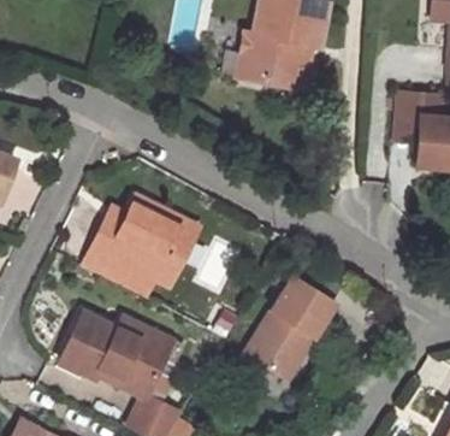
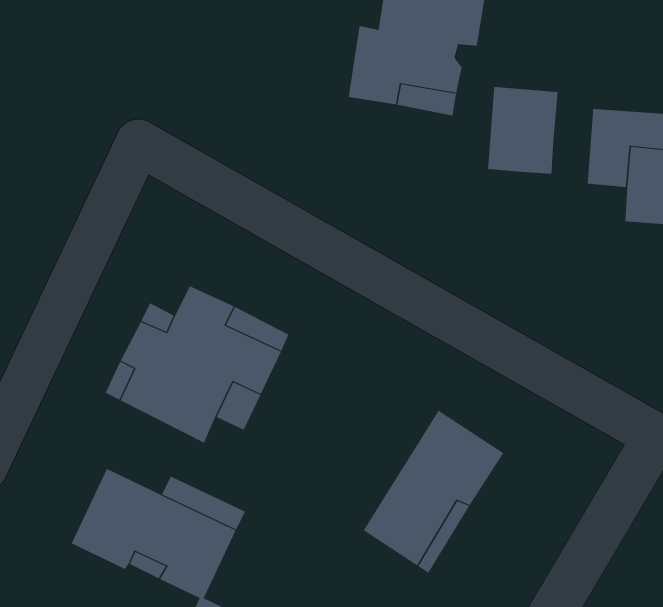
building: none -> [488,86,558,175]

